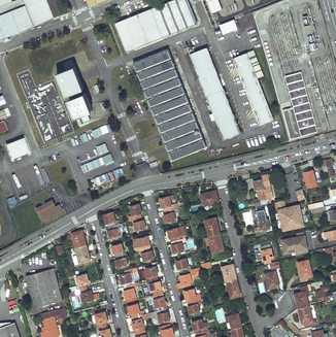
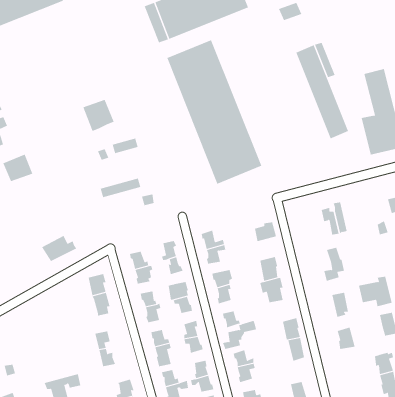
building: [190,47,240,140] -> none
building: [56,67,82,96] -> none
building: [274,200,302,230] -> none
building: [26,268,62,307] -> none

